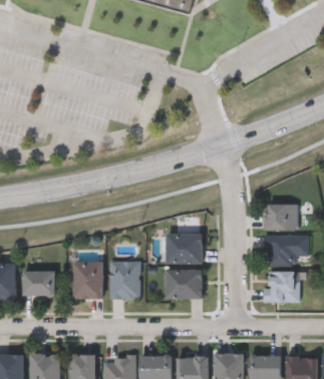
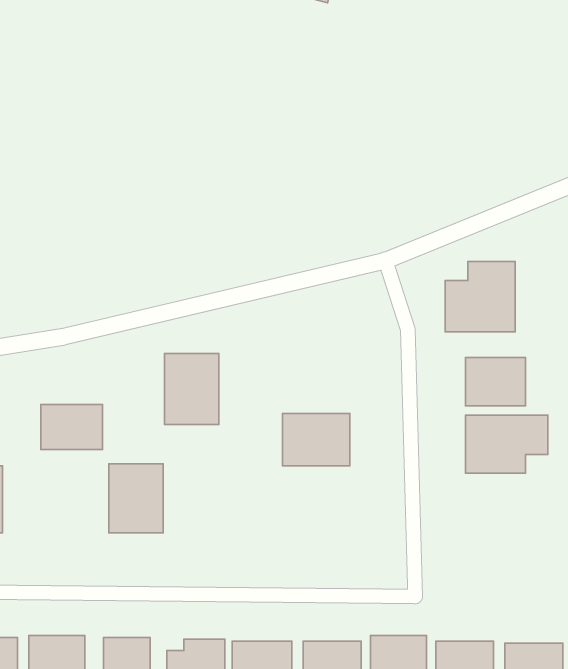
building: none -> [445,261,515,332]
building: [110,260,139,298] -> [165,354,219,424]
building: [166,269,202,298] -> none
building: [21,270,54,294] -> [41,405,103,449]
building: [268,272,299,302] -> none

